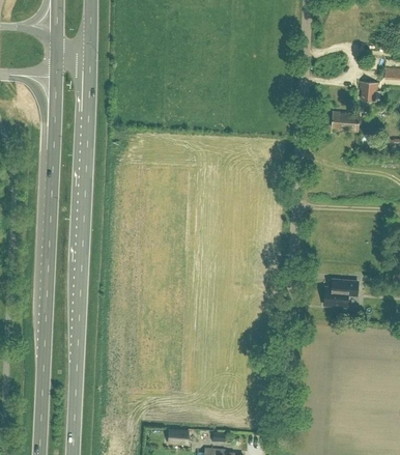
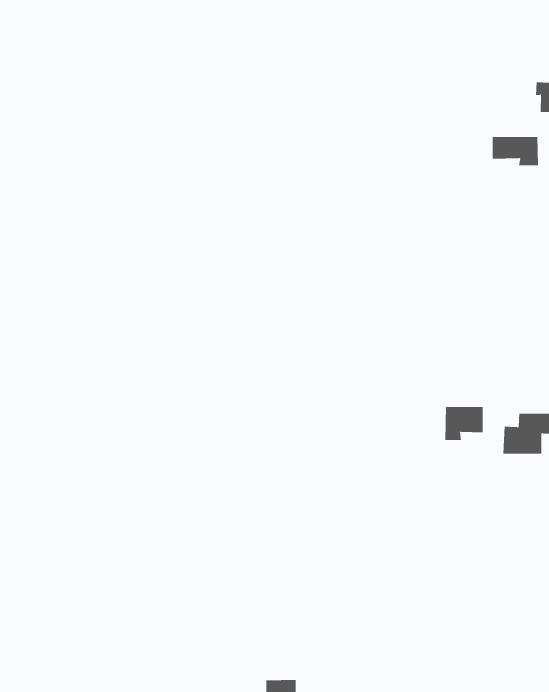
building: none -> [445,406,483,441]

